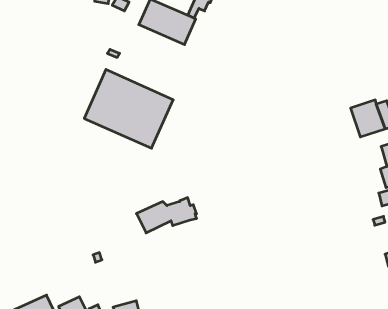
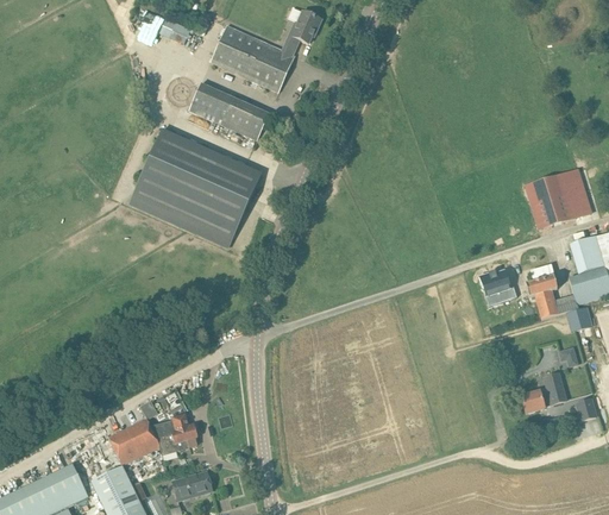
building: none -> [189,83,270,140]
building: none -> [479,271,516,306]
building: none -> [526,276,558,319]
building: [136,198,197,233] -> [108,414,197,466]
building: none -> [521,372,567,413]

